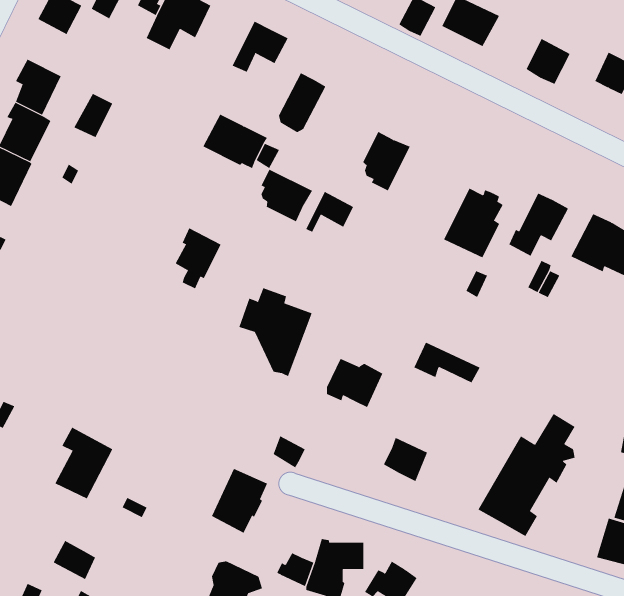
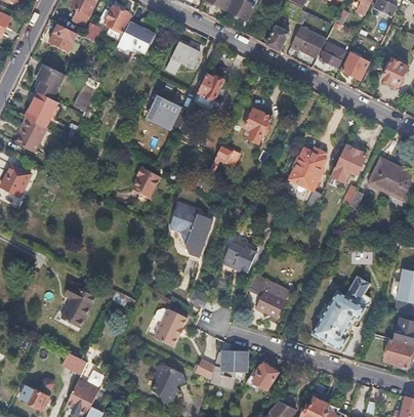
building: none -> [319,43,345,69]
building: [261,169,313,222] -> none
building: [414,342,481,383] -> [248,275,288,299]

